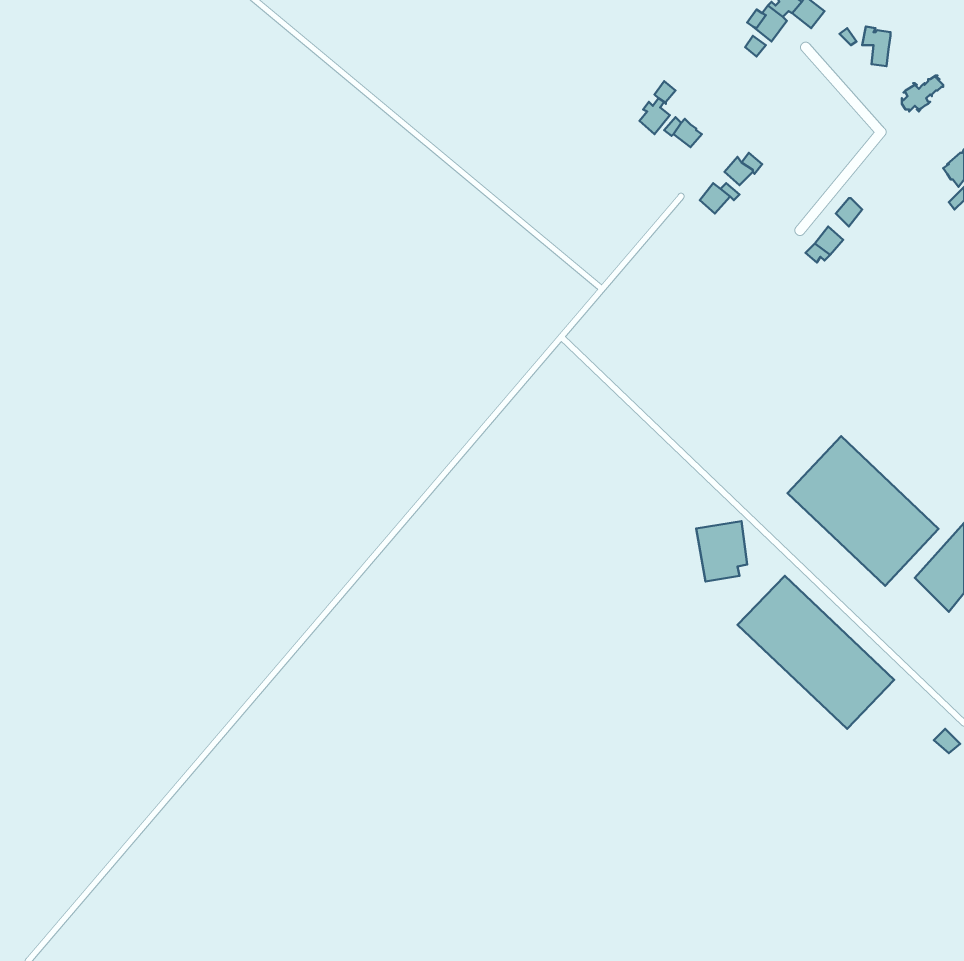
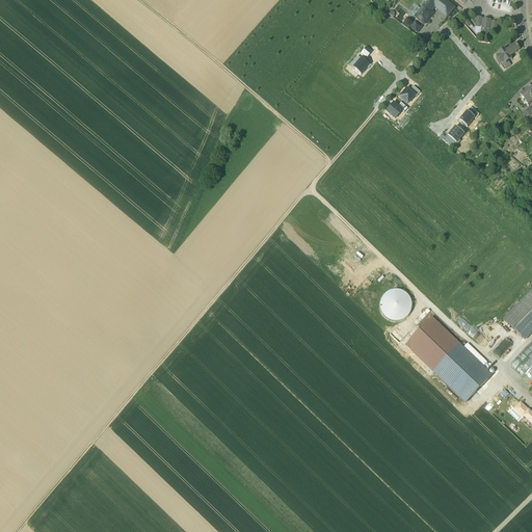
building: [788,436,939,586] -> none

